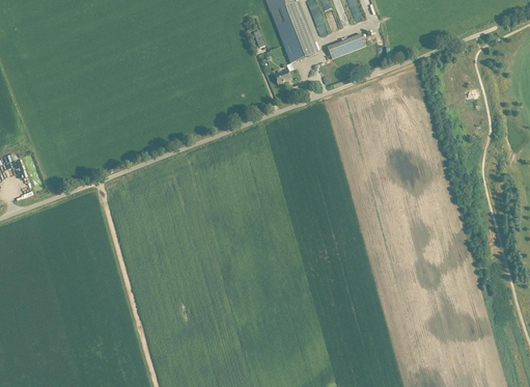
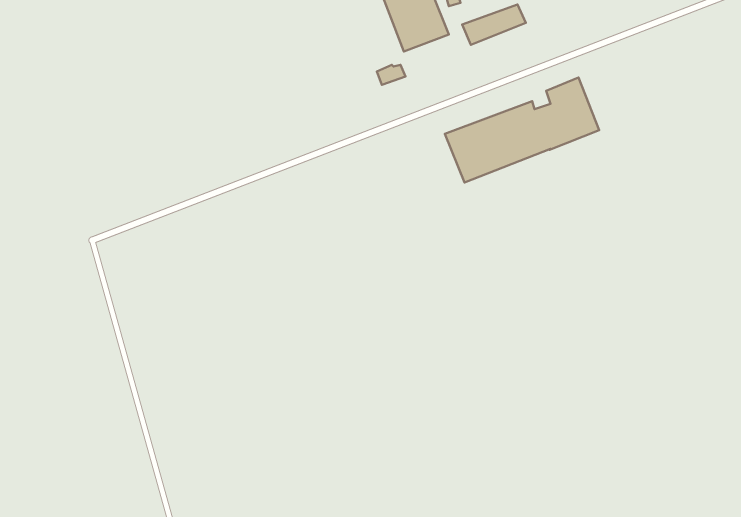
building: none -> [445,78,599,183]

